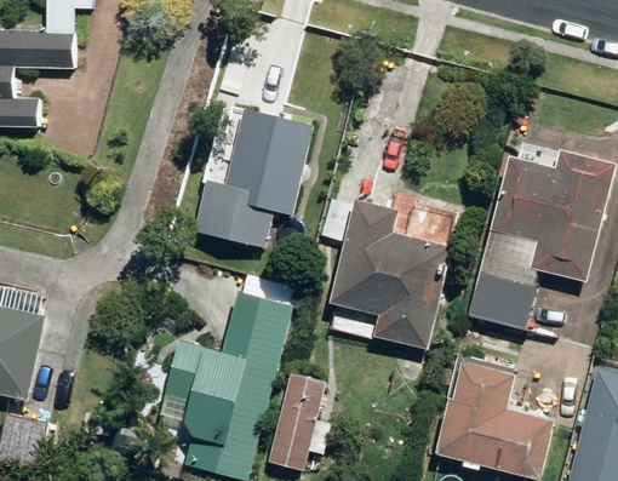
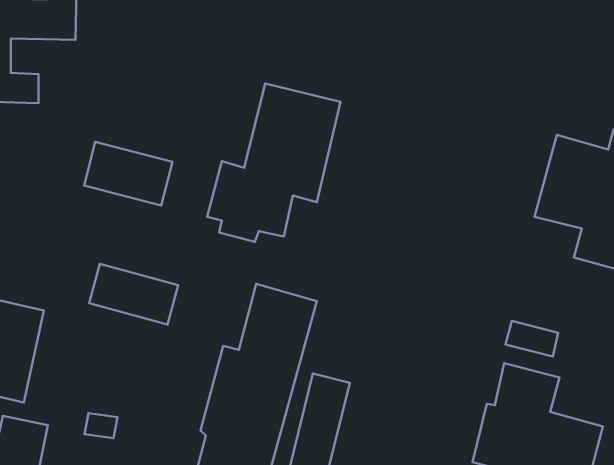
building: none -> [84,142,173,206]
building: [332,201,452,349] -> none
building: [467,270,536,330] -> none
building: none -> [89,264,178,325]

